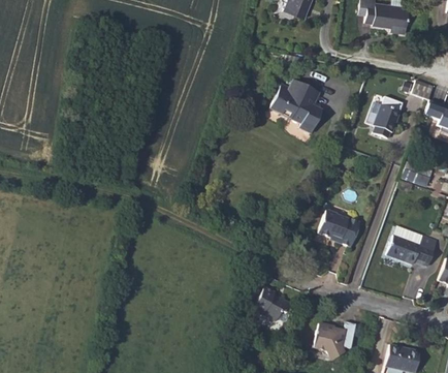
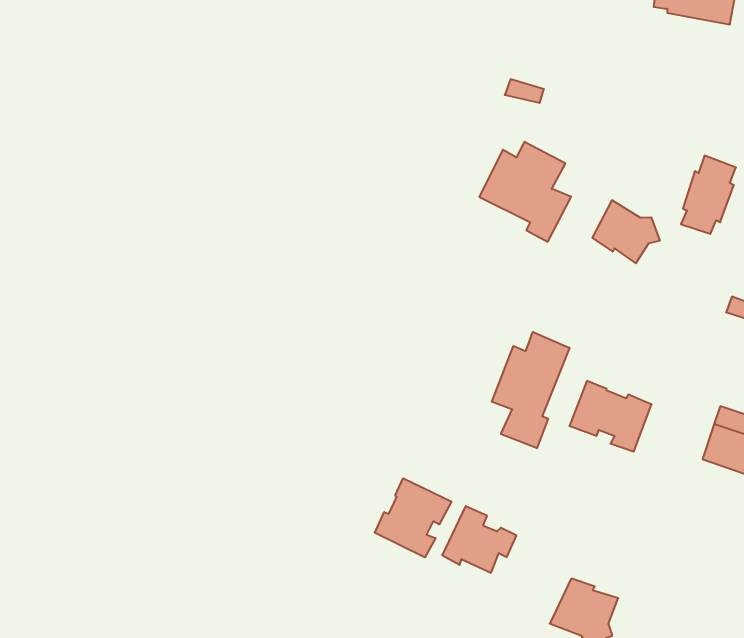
building: none -> [592,200,660,263]
building: none -> [492,332,570,448]
building: none -> [375,478,451,557]

